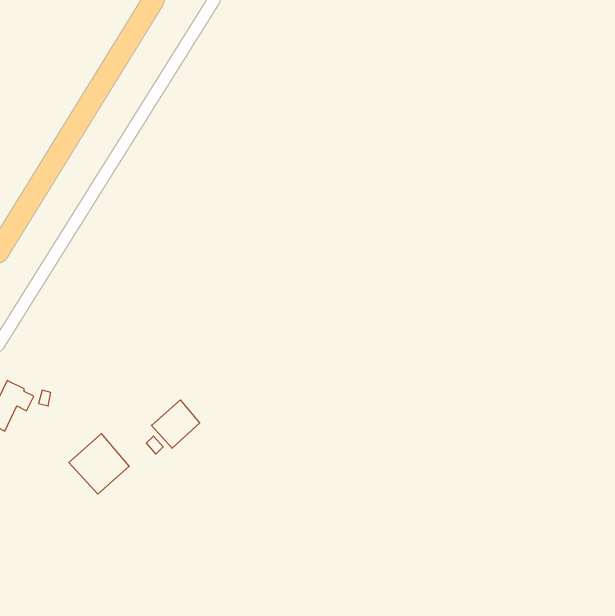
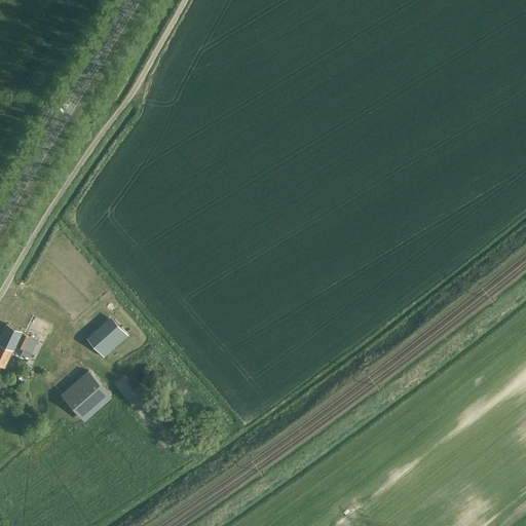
building: [151,400,200,448] -> [85,316,126,358]

